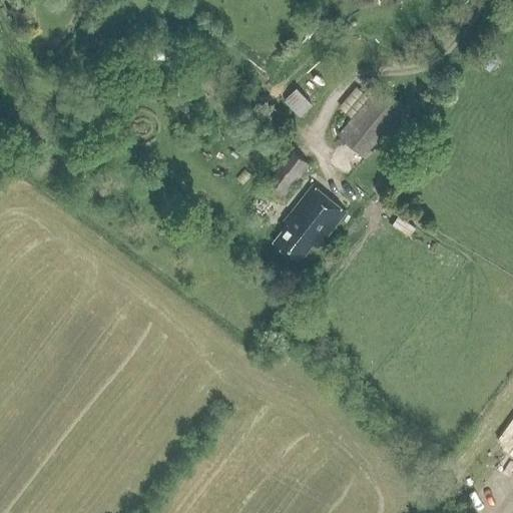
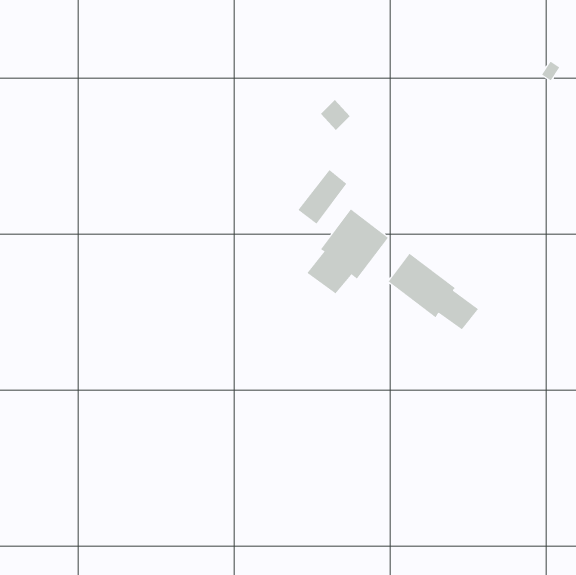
building: [339,87,405,157] -> none
building: none -> [388,253,479,330]

